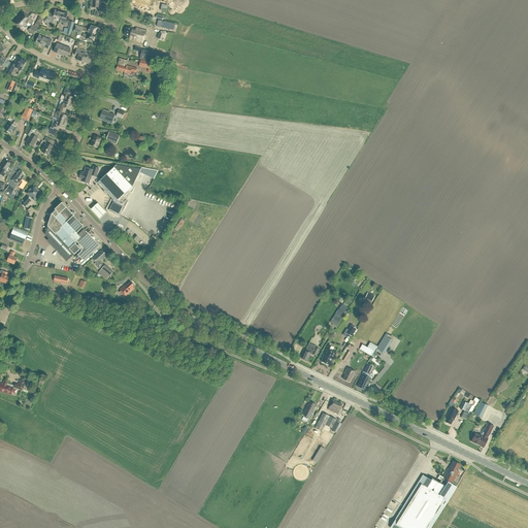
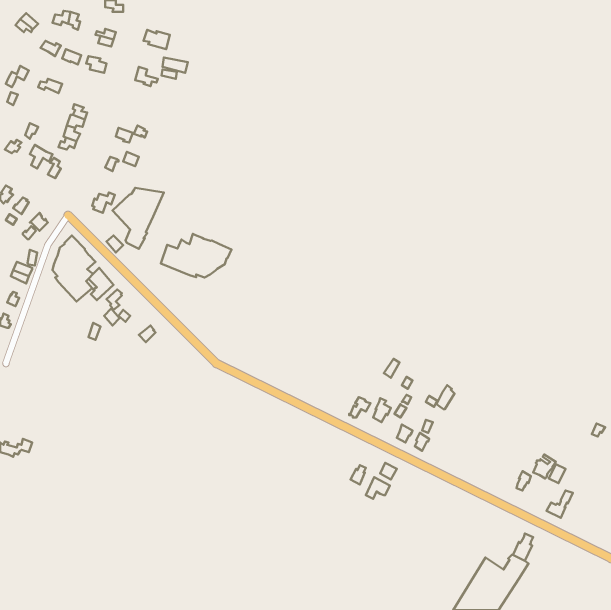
building: none -> [161,234,232,277]

